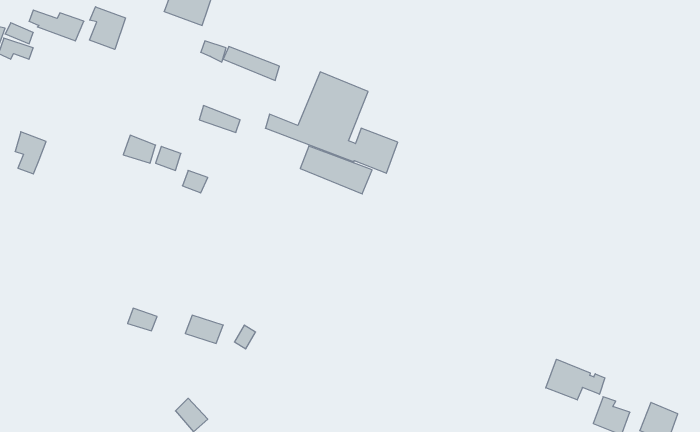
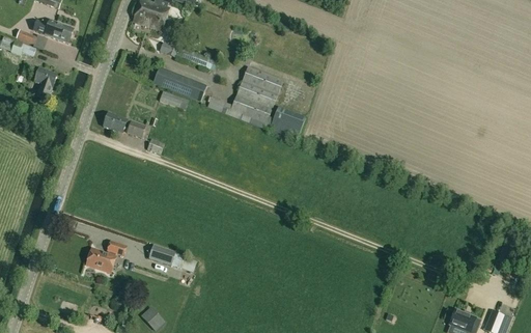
building: [89,7,126,49] -> none
building: [15,132,46,174] -> [34,67,57,99]
building: [300,146,372,194] -> [152,66,205,102]
building: none -> [86,249,115,272]
building: [546,359,605,400] -> none

